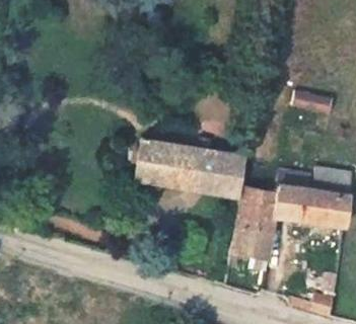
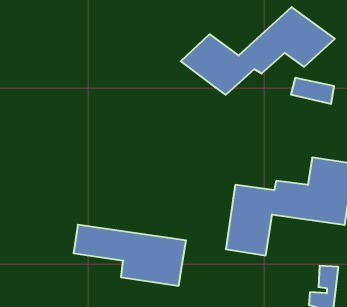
building: none -> [181,7,335,95]
building: [135,145,243,204] -> [73,225,186,286]

